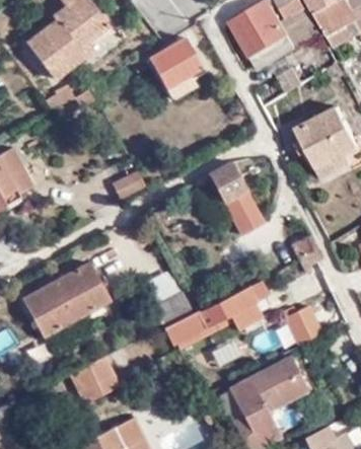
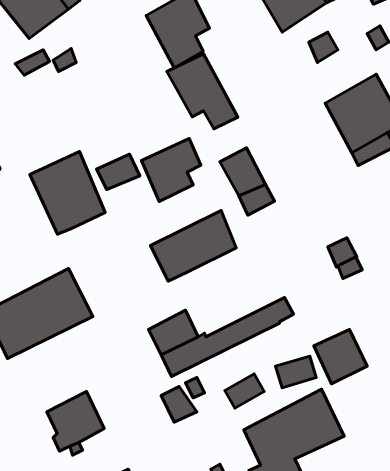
building: none -> [167,54,238,129]
building: none -> [141,138,201,202]
building: none -> [30,152,105,234]
building: none -> [150,211,236,281]

